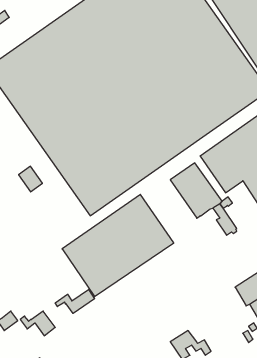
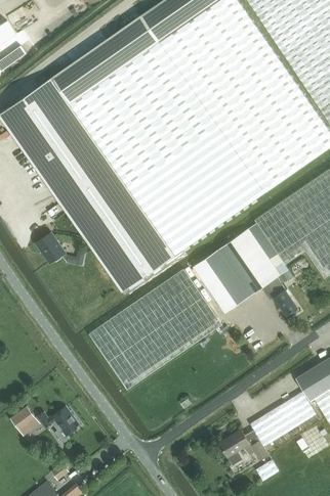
building: none -> [194,249,251,312]
building: [55,289,95,313] -> none
building: none -> [251,392,317,446]

